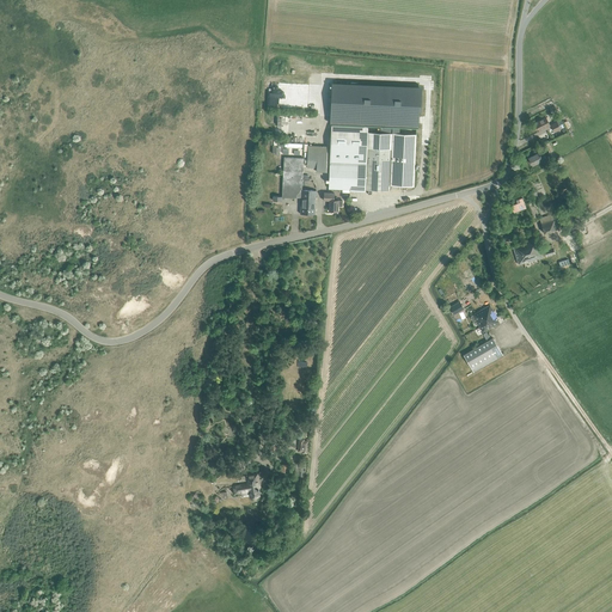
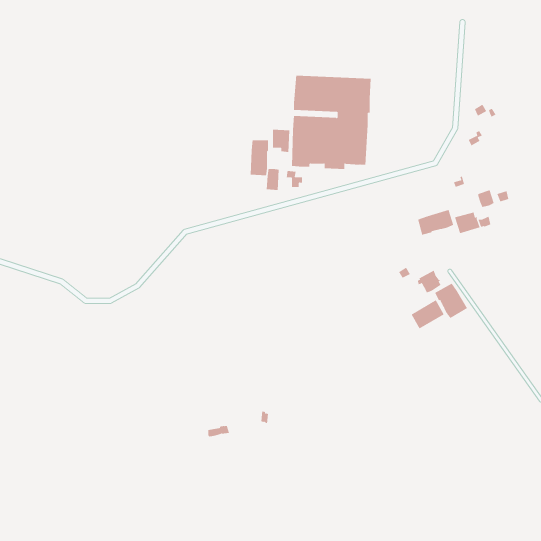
building: none -> [418,209,454,236]
building: none -> [434,283,468,319]

